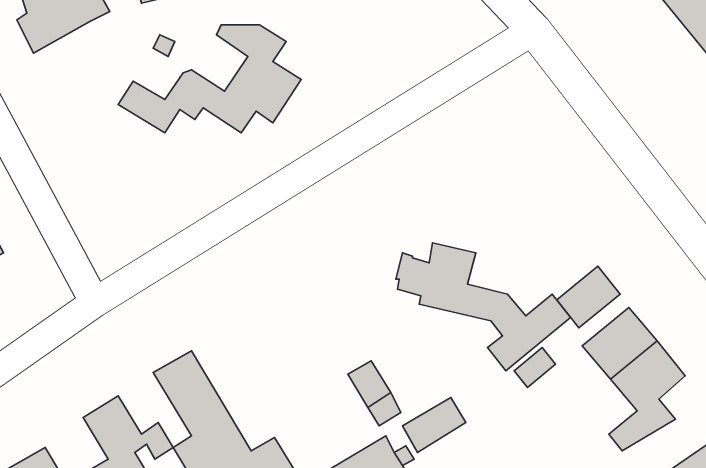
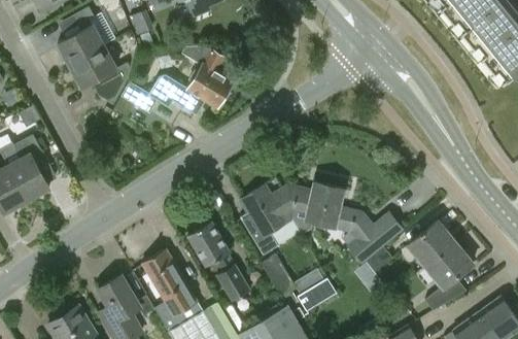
building: none -> [69,45,130,104]
building: none -> [241,187,298,256]
building: [557,266,620,328] -> none
building: none -> [189,222,252,302]

